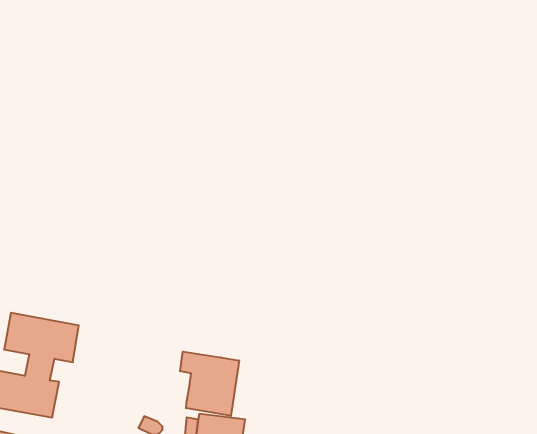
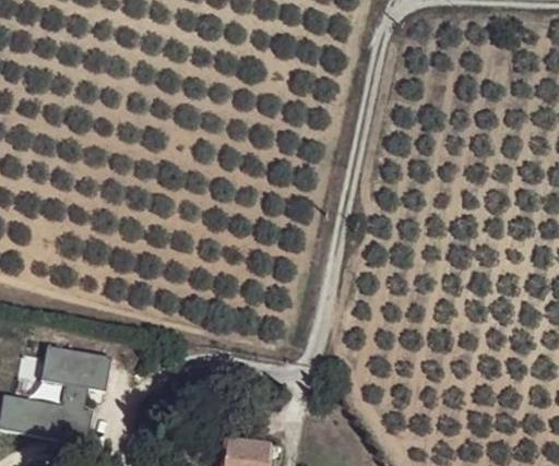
building: [180,352,239,416] -> none

